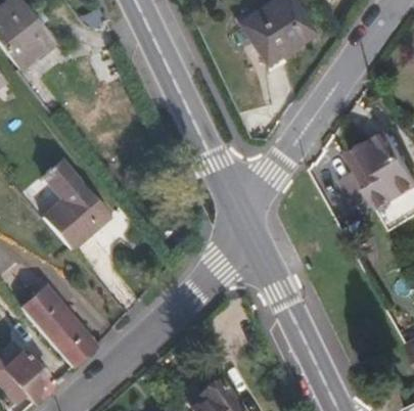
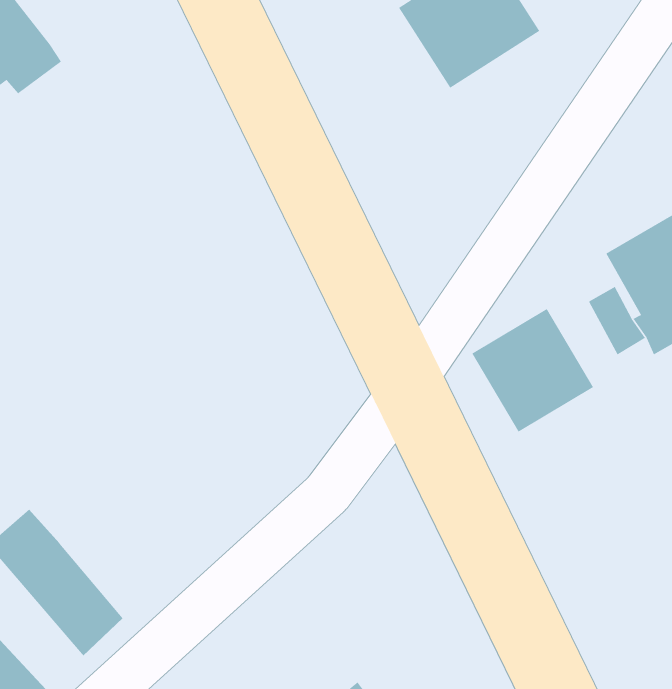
building: [43,161,109,248] -> none
building: none -> [472,308,594,432]

